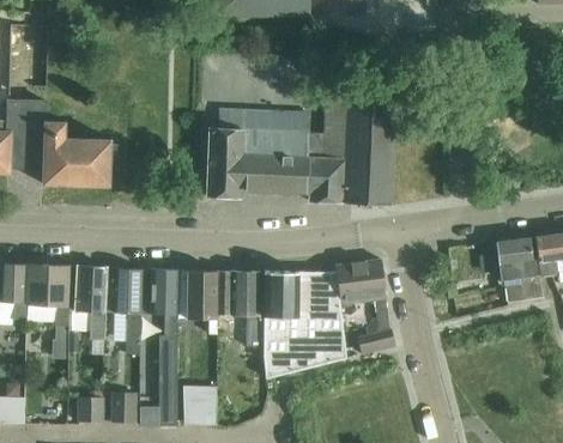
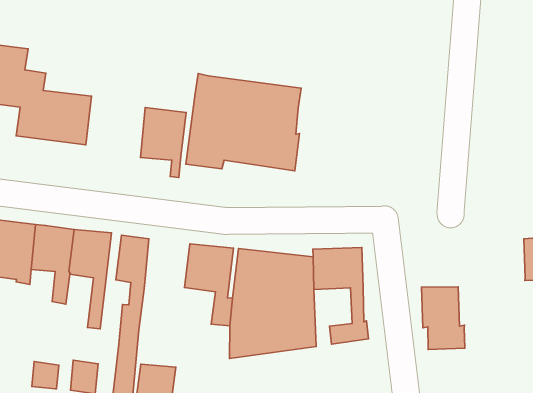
building: [308,96,394,205] -> none
building: [495,238,541,301] -> [422,287,465,350]
building: [177,271,217,334] -> [141,107,186,177]

